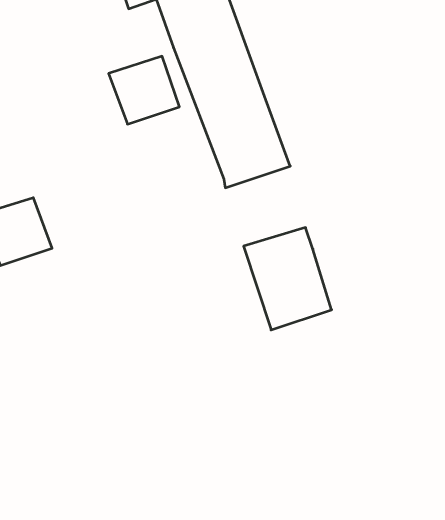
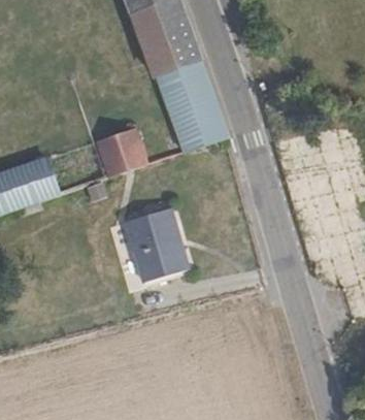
building: [109,56,179,124] -> [96,130,146,179]
building: [244,228,332,330] -> [126,195,189,268]

